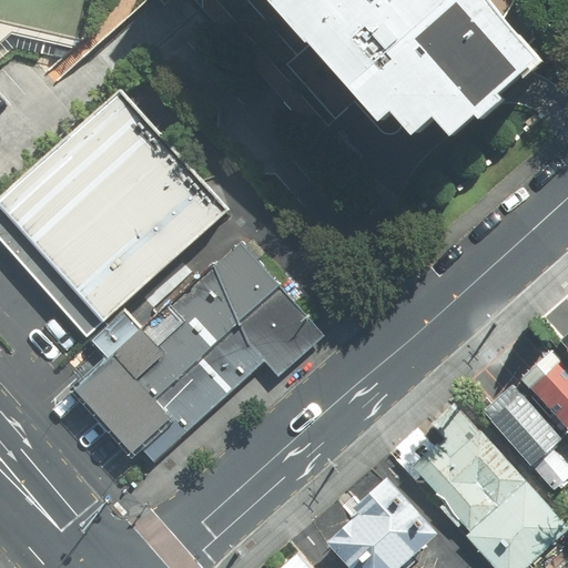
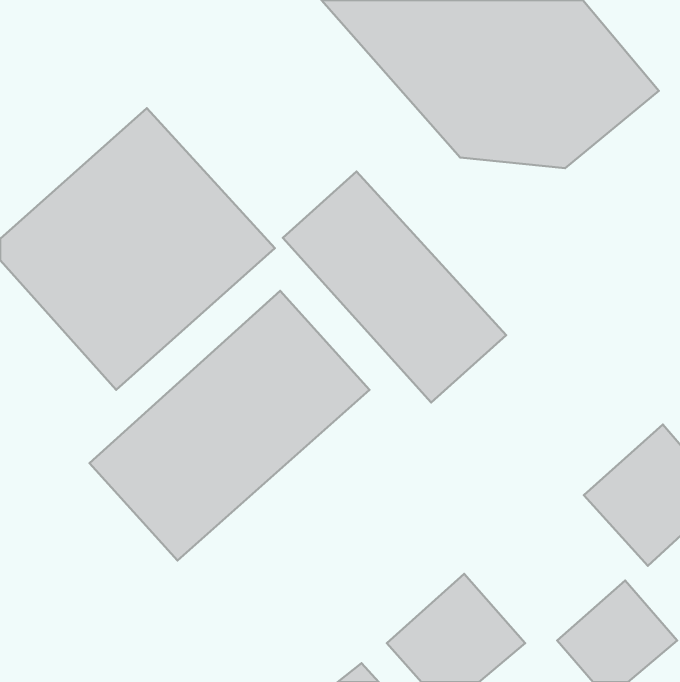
building: none -> [283,171,506,402]
building: [407,405,521,532] -> none

